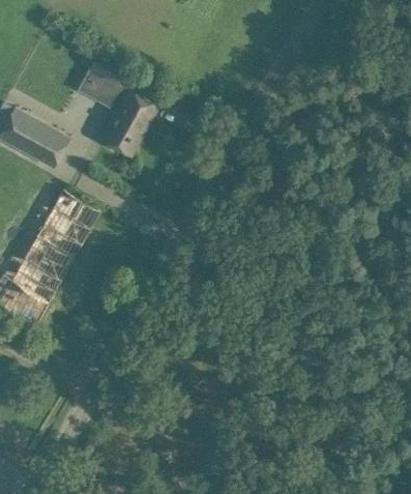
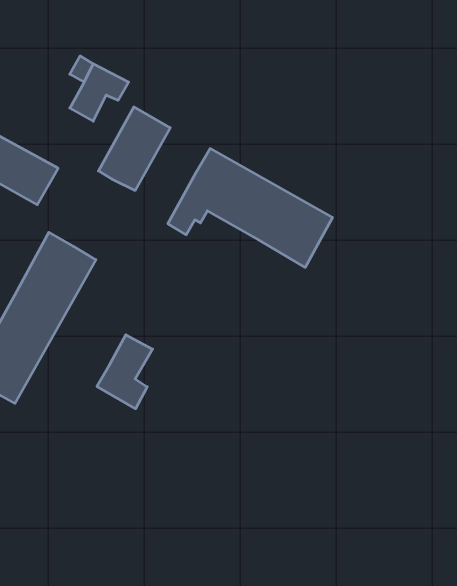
building: none -> [168,149,332,267]
building: none -> [97,335,153,409]

